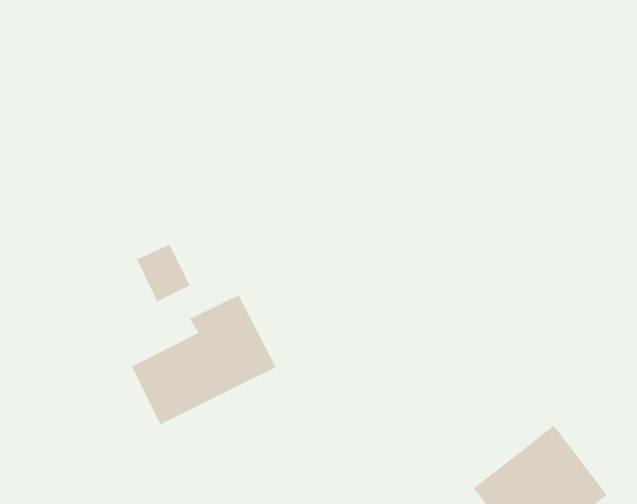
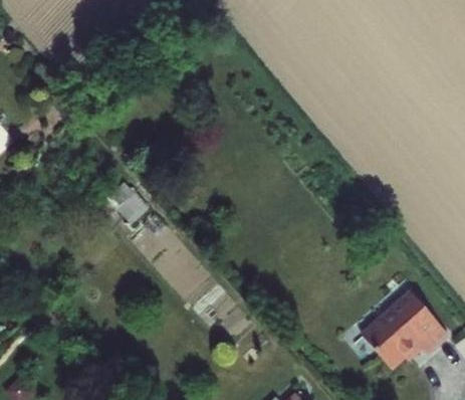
building: [131,294,277,425] -> none

